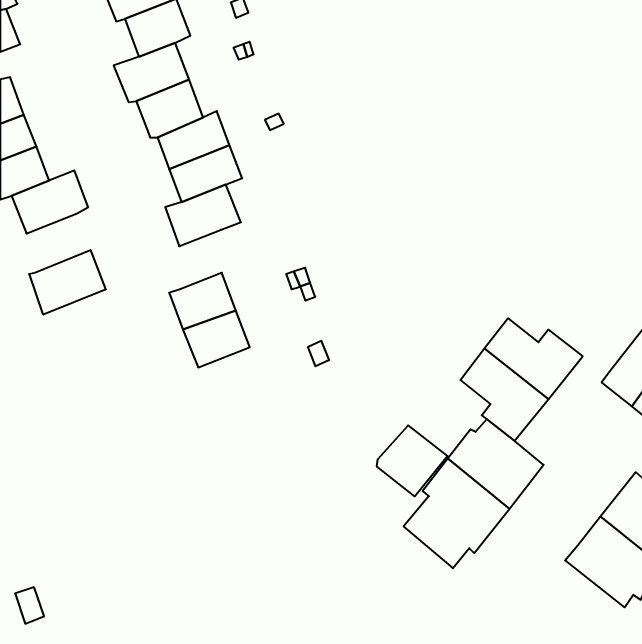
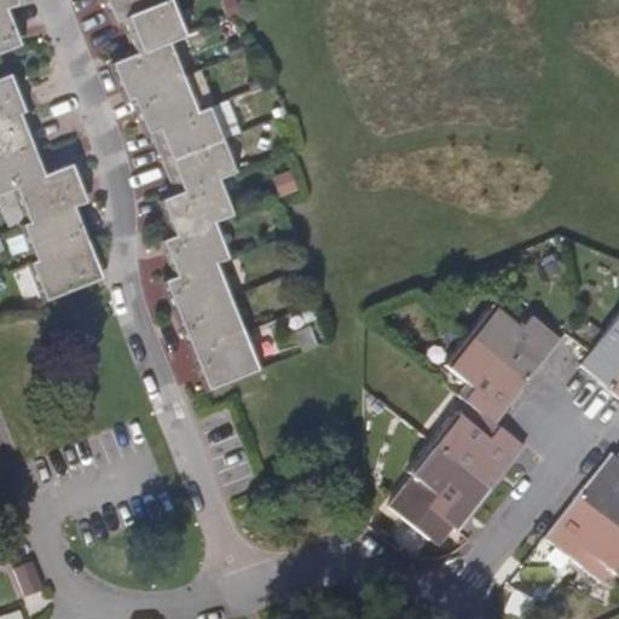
building: none -> [22,204,89,261]
building: none -> [163,220,228,277]
building: none -> [192,332,256,389]
building: [377,425,448,496] -> none

